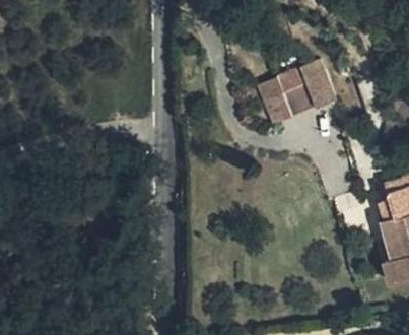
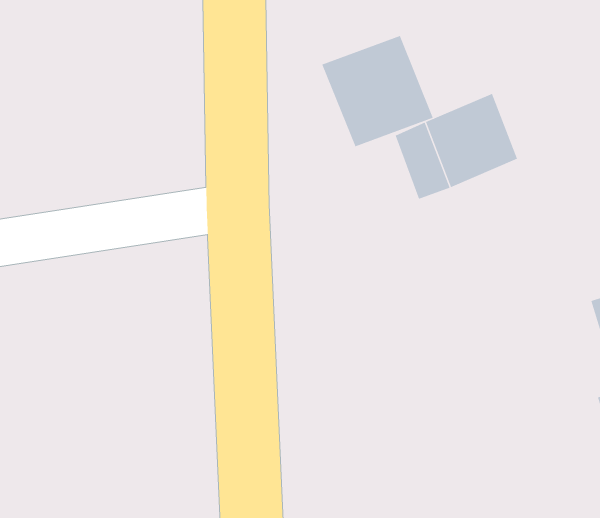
building: none -> [321,35,434,147]

